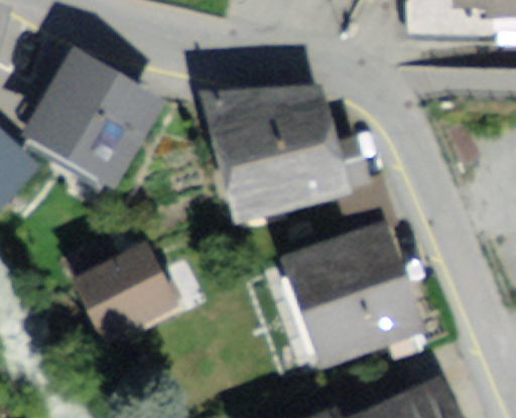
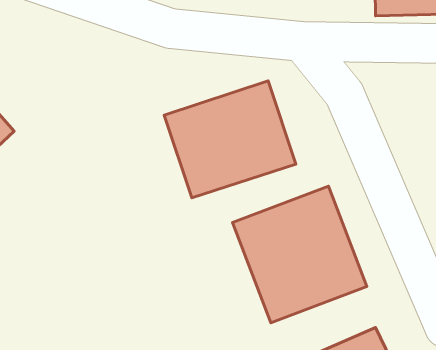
building: [23,46,165,182] -> none
building: [69,235,180,343] -> none

